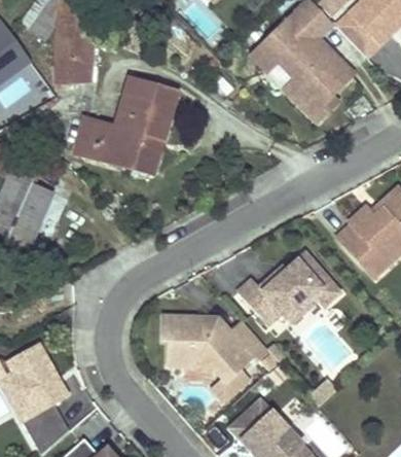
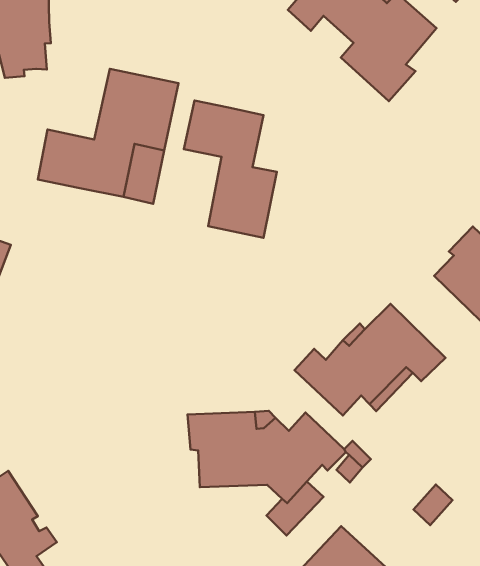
building: none -> [184,101,277,238]

